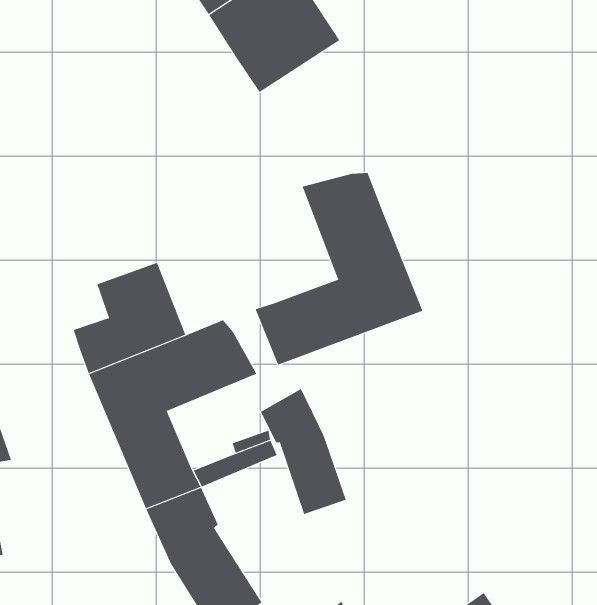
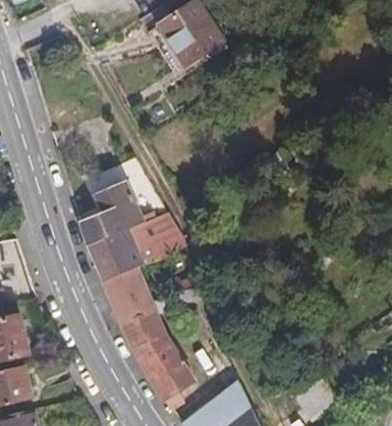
building: [255,172,423,366] -> none
building: [260,388,347,515] -> none

